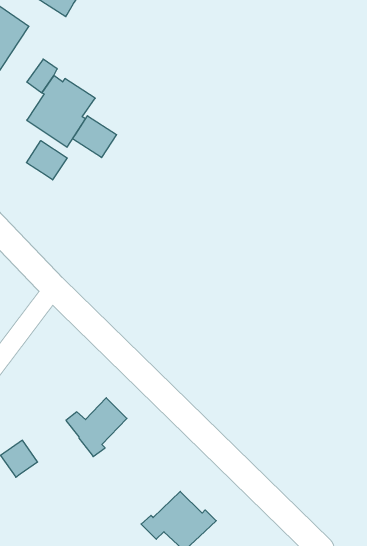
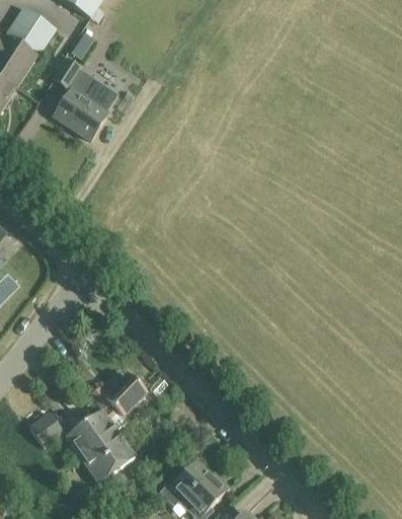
building: [73,116,117,158] -> none
building: [26,141,67,180] -> none
building: none -> [66,409,135,481]

